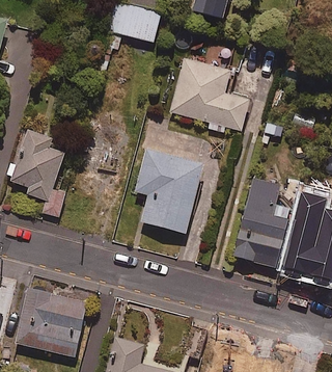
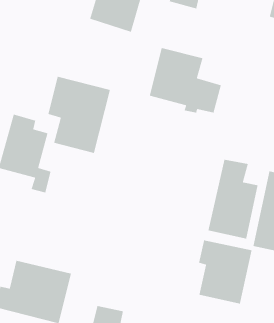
building: [135,149,203,233] -> [47,76,111,154]
building: none -> [198,240,253,305]

